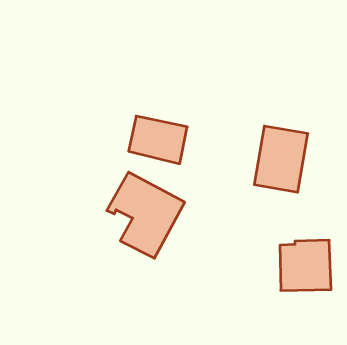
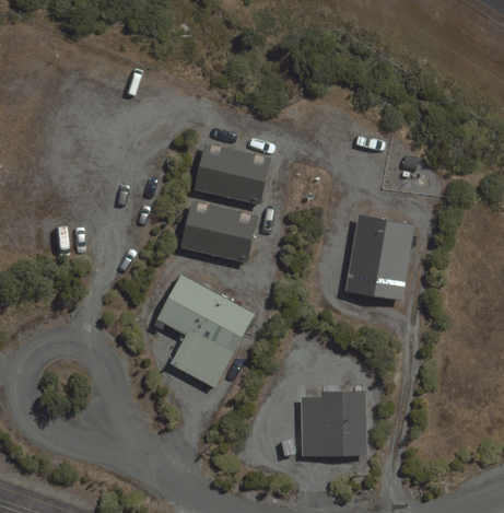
building: none -> [194,143,270,205]
building: [280,240,331,290] -> [301,390,367,456]

